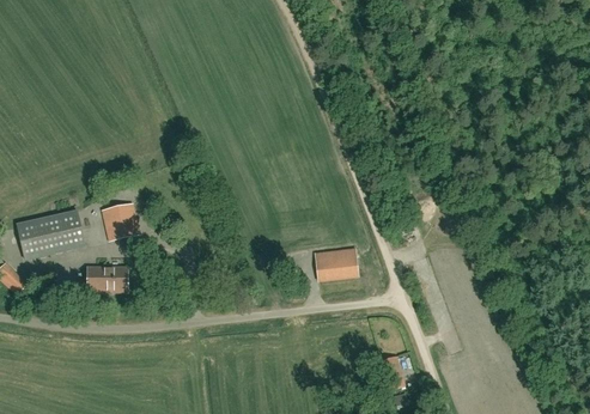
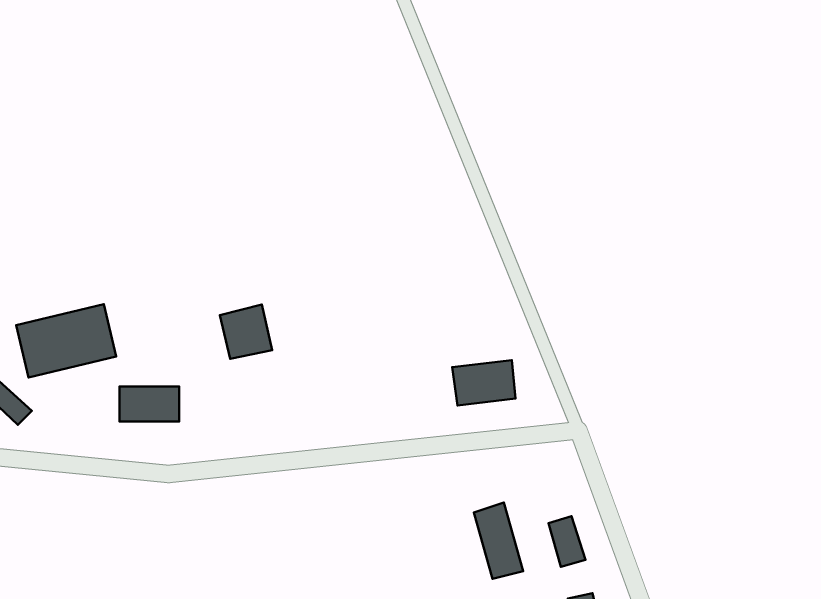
building: [102,202,138,239] -> [220,305,272,359]
building: none -> [474,503,523,579]

